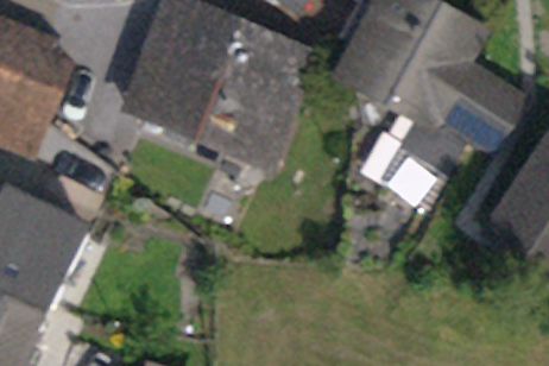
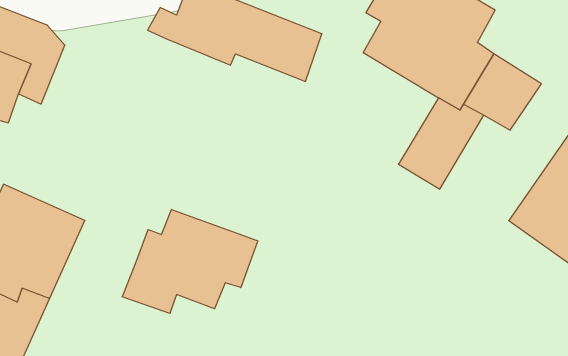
building: [124,48,296,163] -> none
building: none -> [122,209,258,313]

